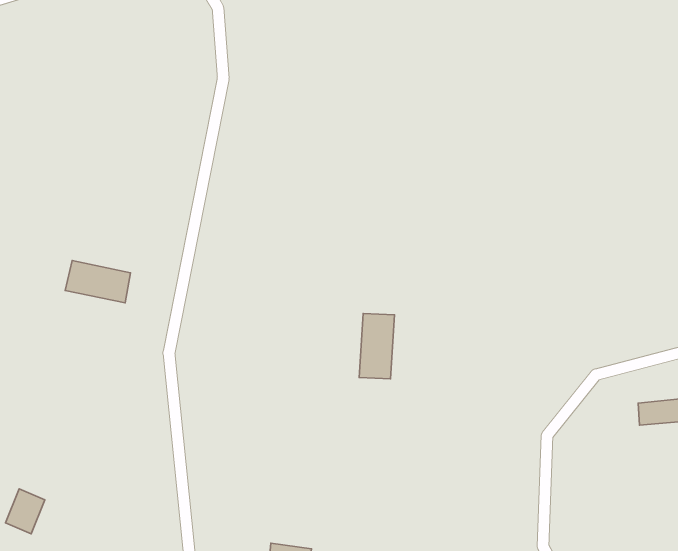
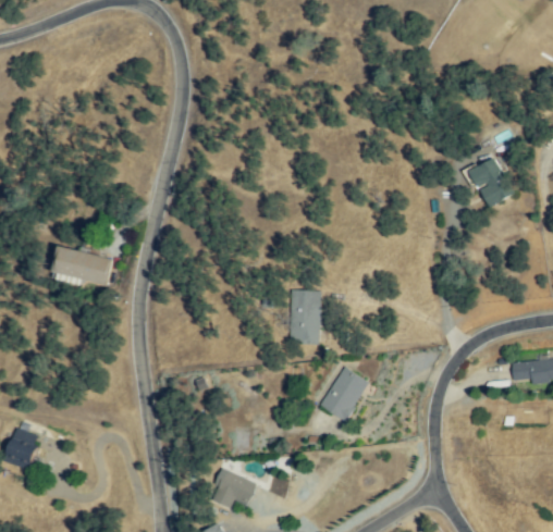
building: none -> [467,159,509,202]
building: none -> [321,368,367,418]

